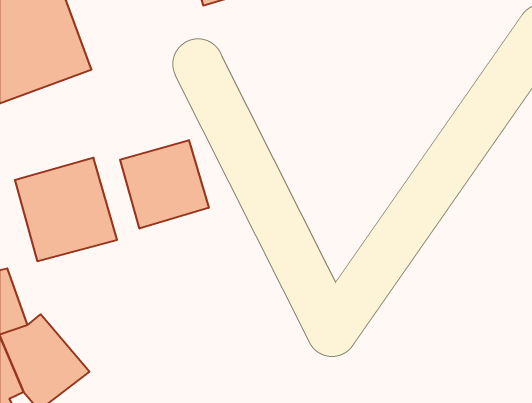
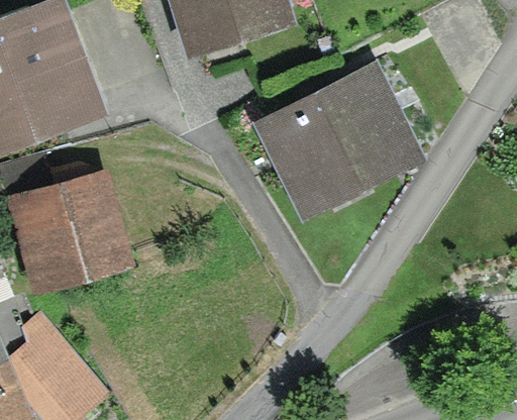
building: none -> [277,79,413,202]
building: [120,140,209,229] -> none

